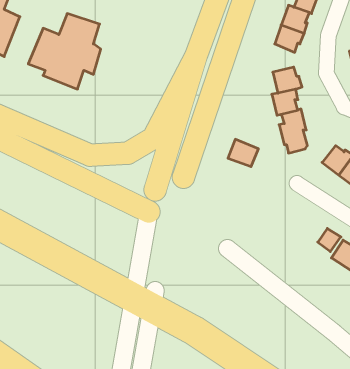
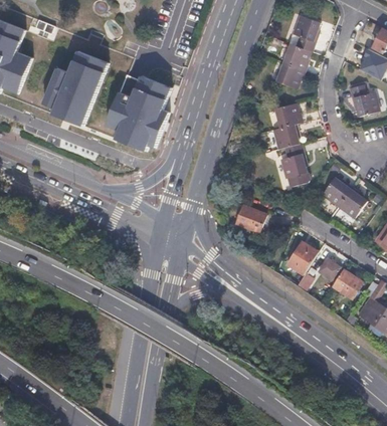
building: none -> [107,75,173,150]
building: [228,139,258,167] -> [236,206,265,232]
building: none -> [286,241,318,274]

